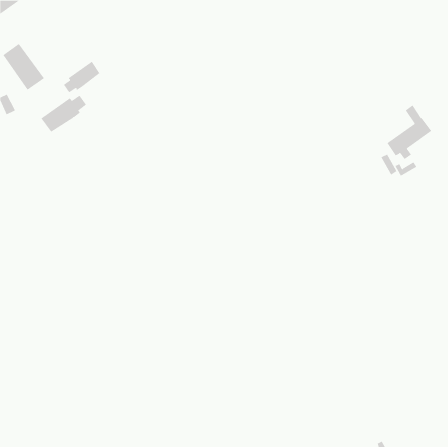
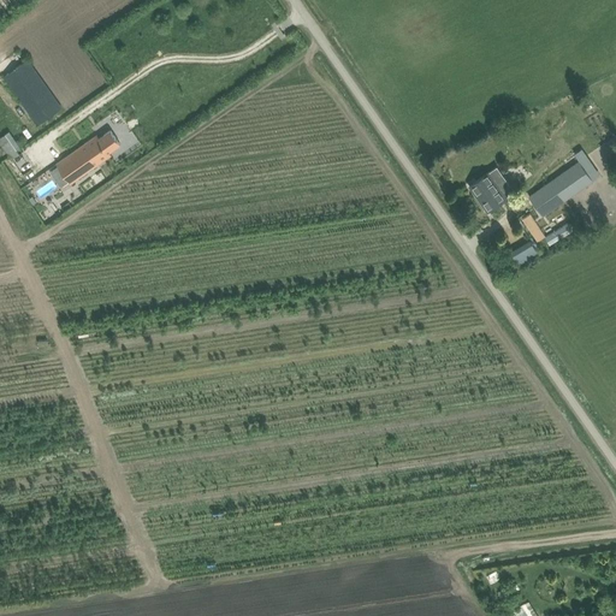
building: [63,61,100,93] -> none
building: none -> [472,173,507,213]

